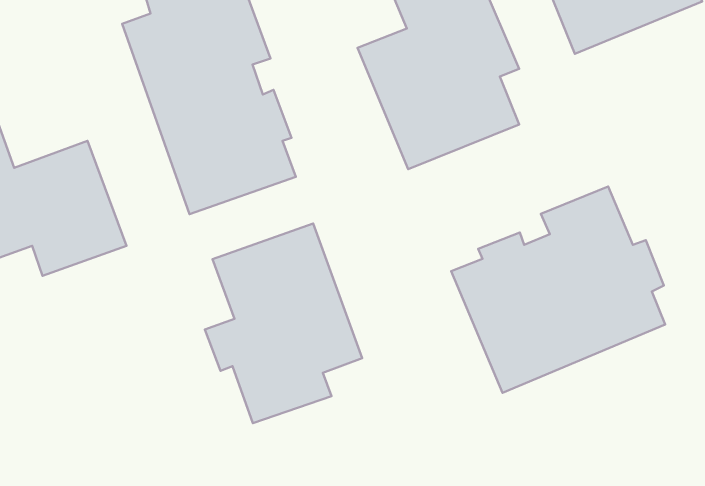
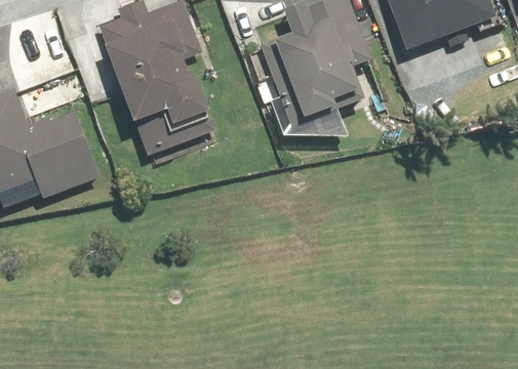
building: [451,187,665,393] -> none
building: [205,223,362,423] -> none

